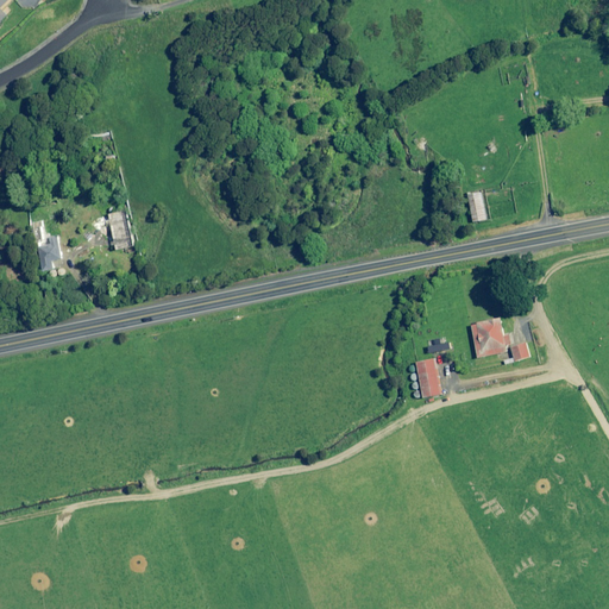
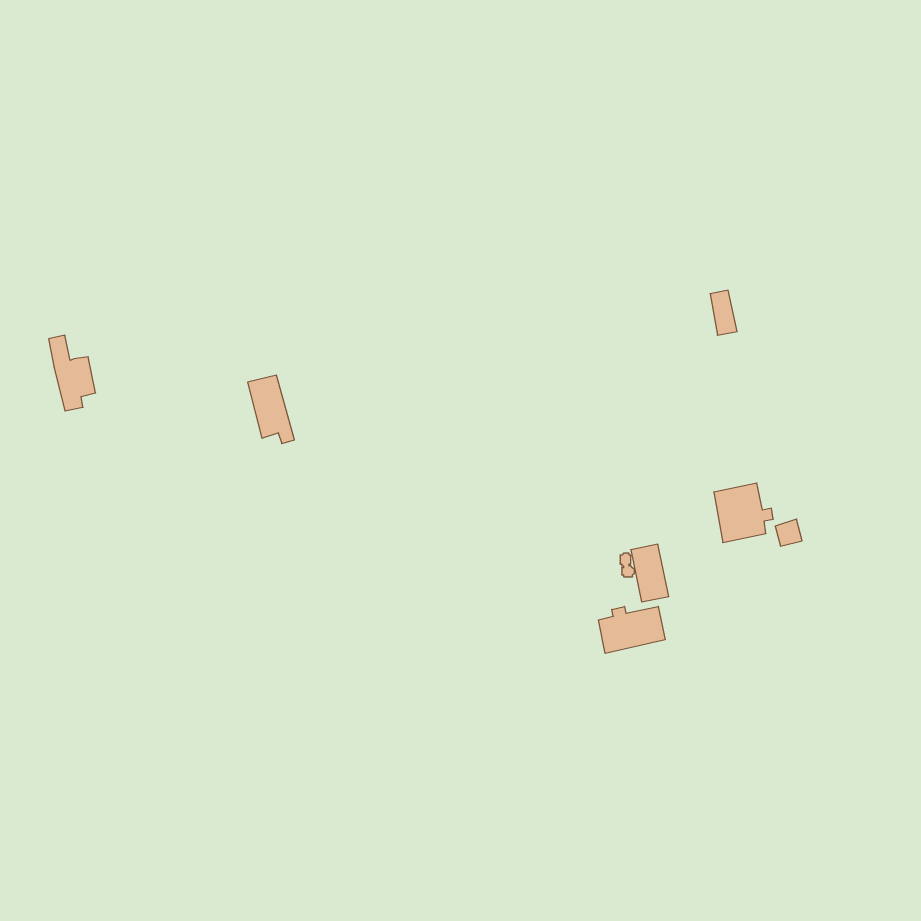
building: [106,209,137,255] -> [248,375,294,444]
building: none -> [598,606,665,653]

